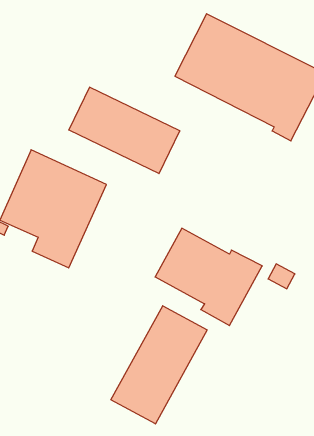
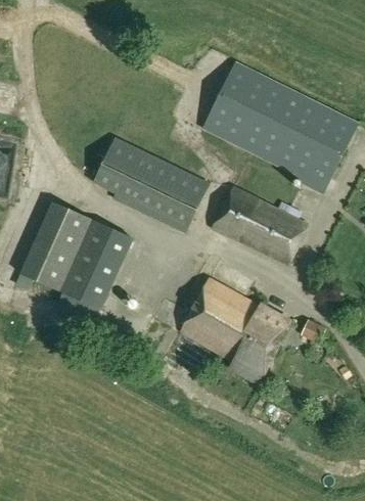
building: none -> [212,186,307,263]
building: [111,306,207,424] -> none

